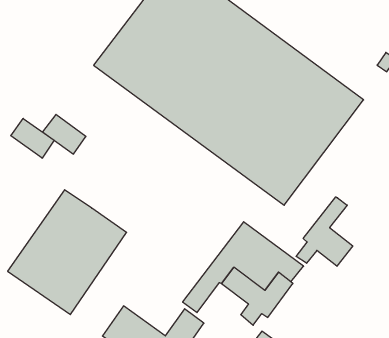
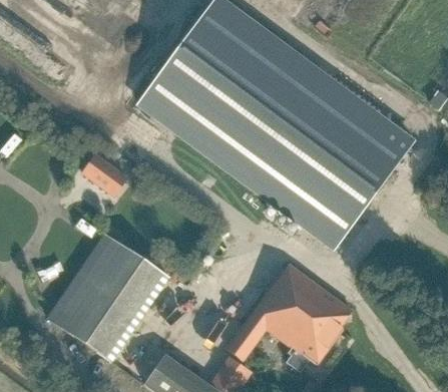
building: [11,118,54,158] -> none
building: [296,197,353,266] -> none

